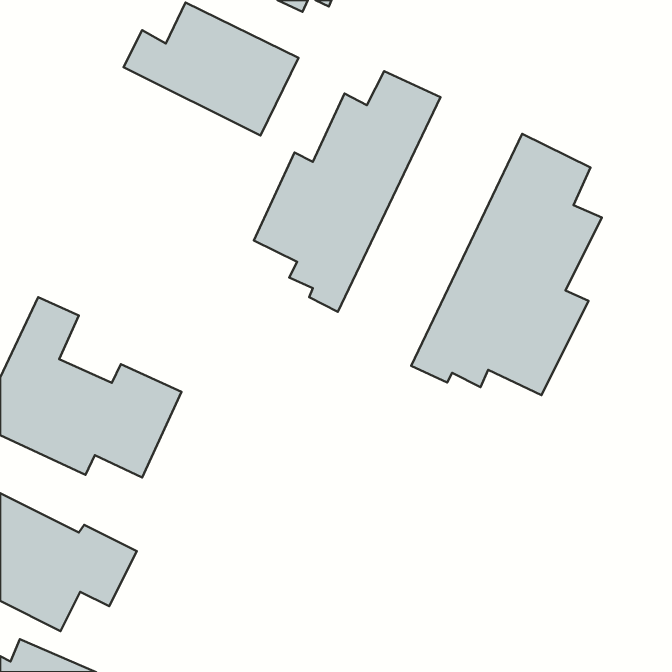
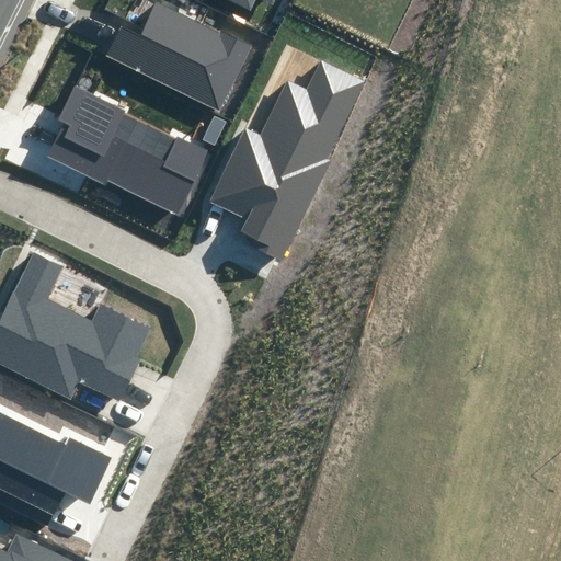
building: none -> [47,84,206,213]
building: [411,134,602,395] -> none

